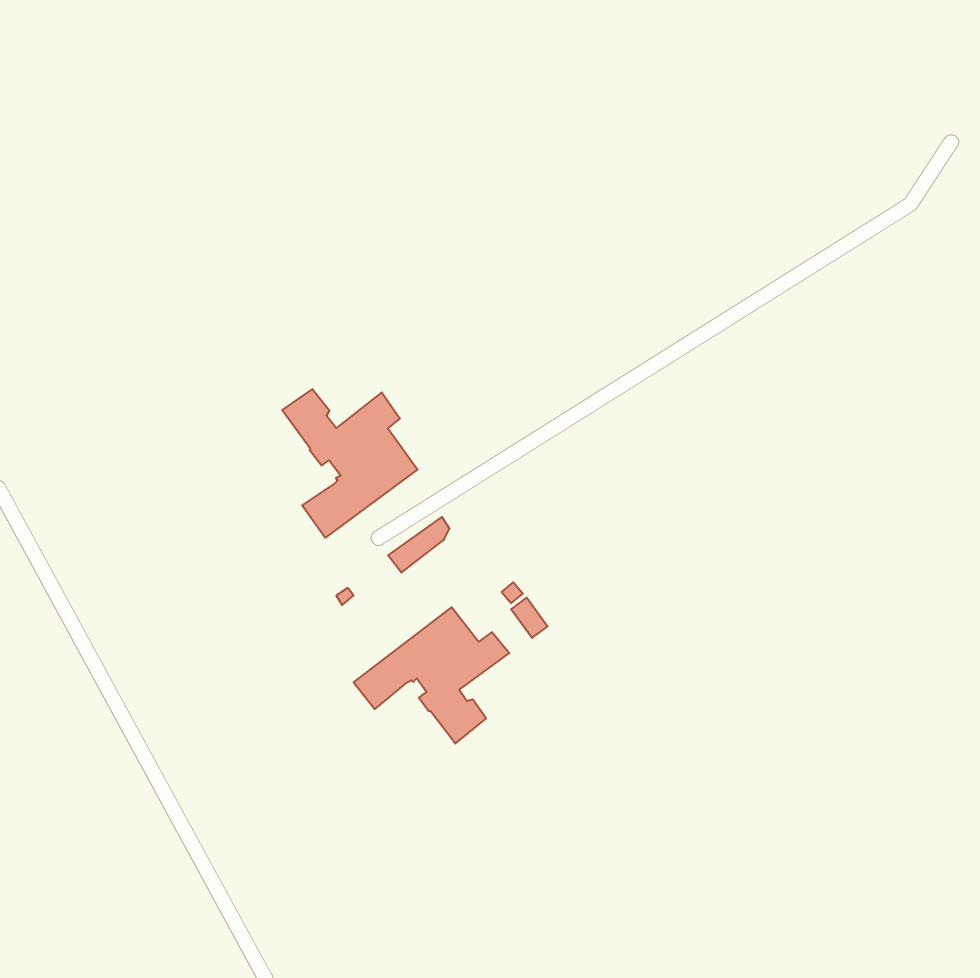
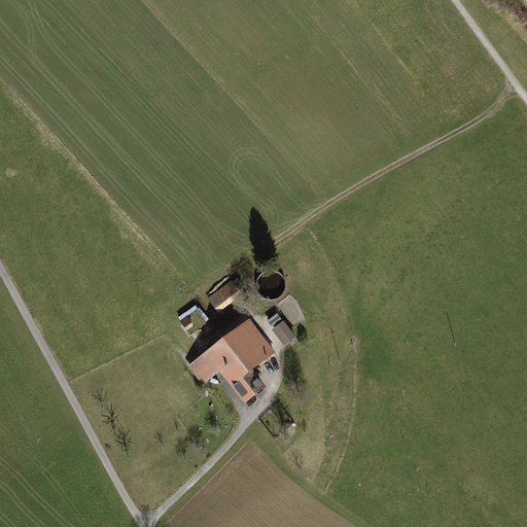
building: [282,389,418,538] -> none

